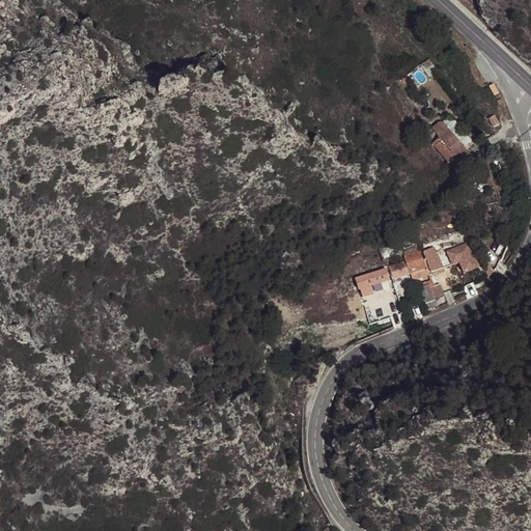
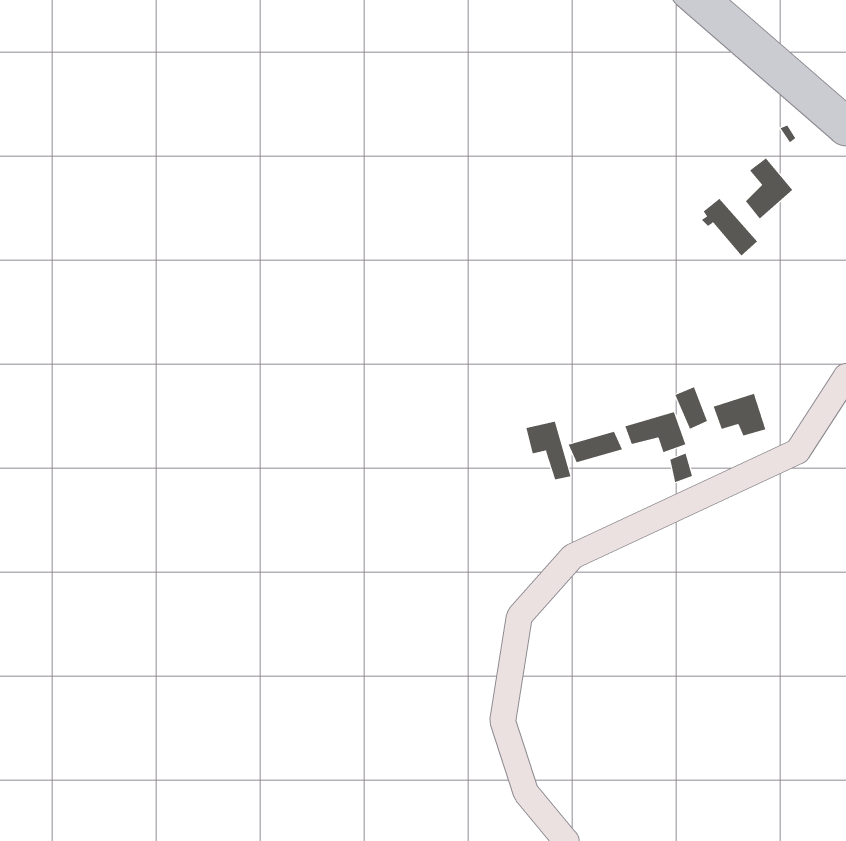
building: none -> [745,157,793,220]
building: none -> [526,421,571,480]

